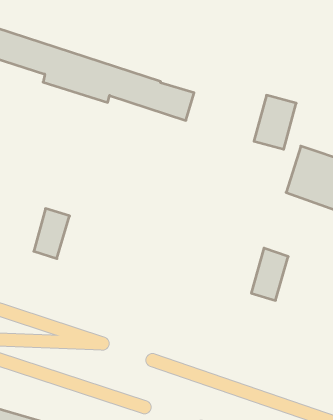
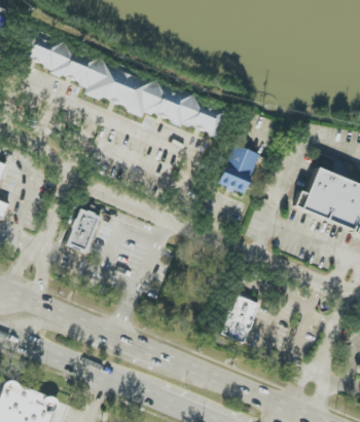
building: [254,95,296,149] -> [219,144,260,194]
building: [251,248,288,300] -> [223,295,259,343]

